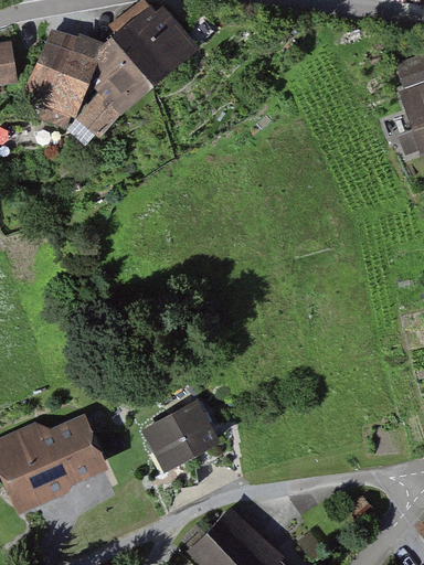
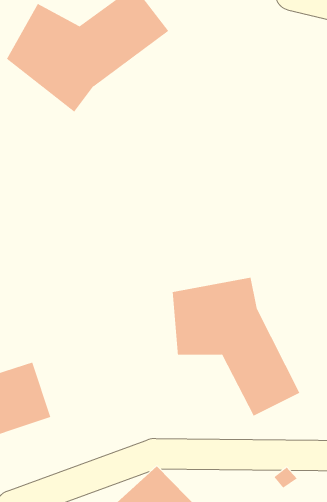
building: none -> [172,277,300,417]
building: [138,394,215,468] -> none

